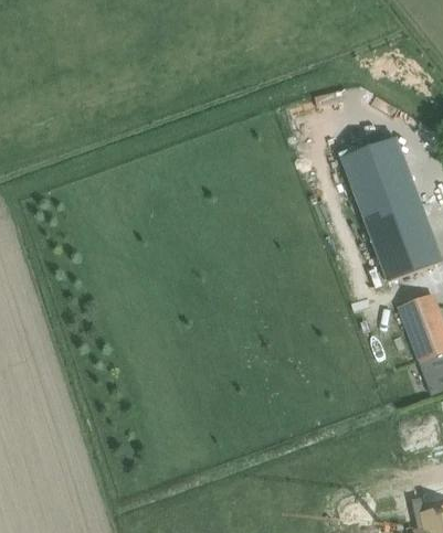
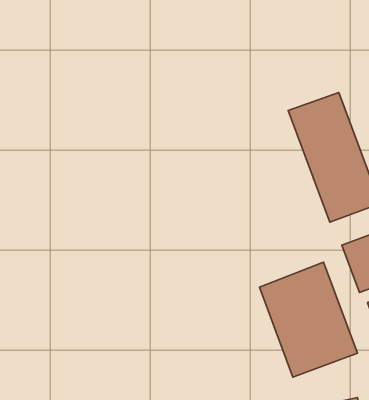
building: none -> [260,262,358,377]

